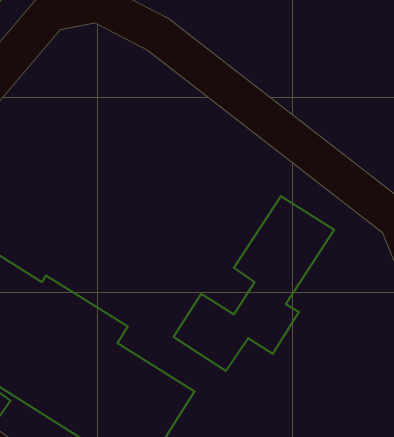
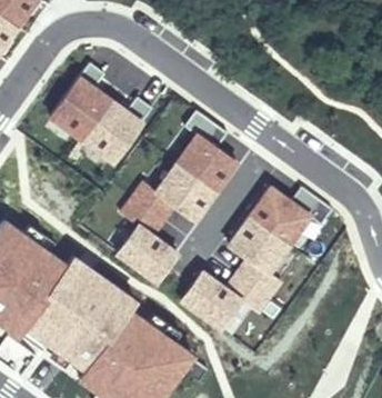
building: none -> [44,74,145,168]
building: none -> [111,116,239,287]

